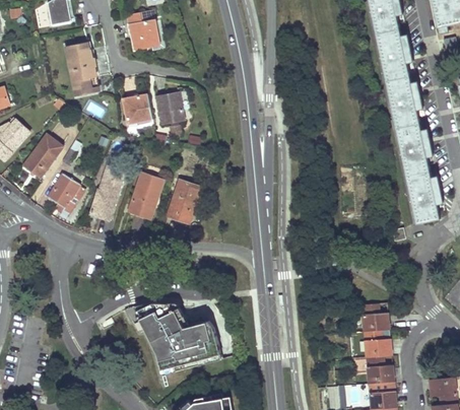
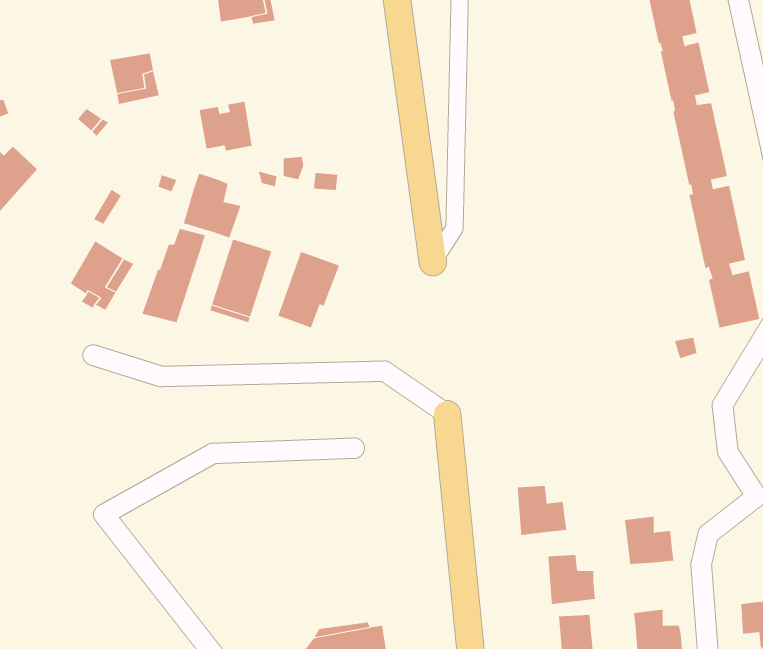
building: [66,42,96,71] -> none
building: [157,91,185,125] -> none
building: none -> [183,173,241,238]
building: [24,136,62,178] -> none
building: [125,303,220,374] -> none
building: [362,303,390,332] -> [517,485,567,535]
building: [367,356,394,385] -> [548,554,596,604]

